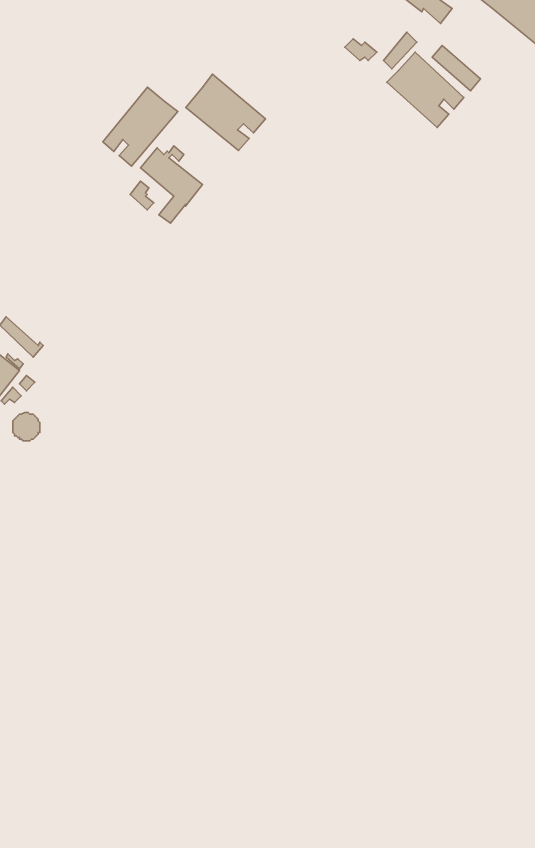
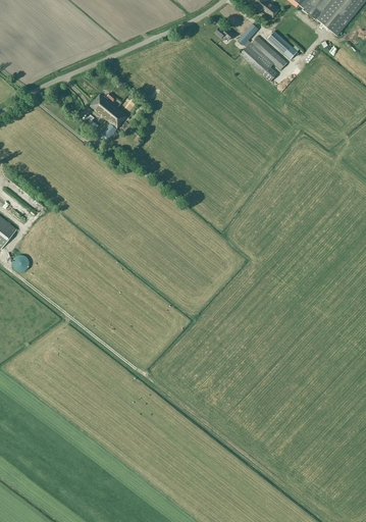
building: [186,74,265,150] -> none
building: [103,87,178,166] -> none

